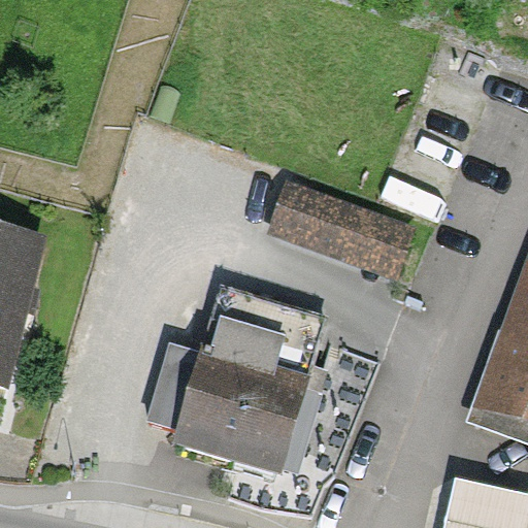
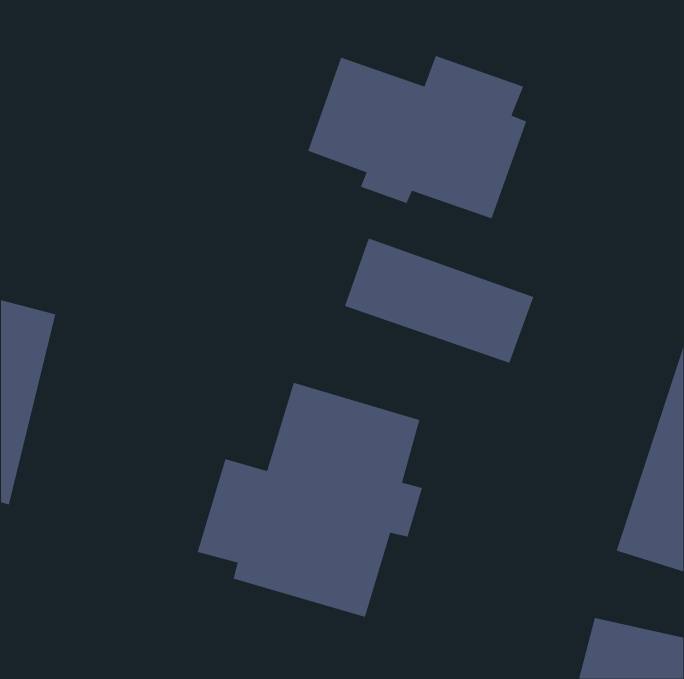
building: none -> [307,55,527,219]

